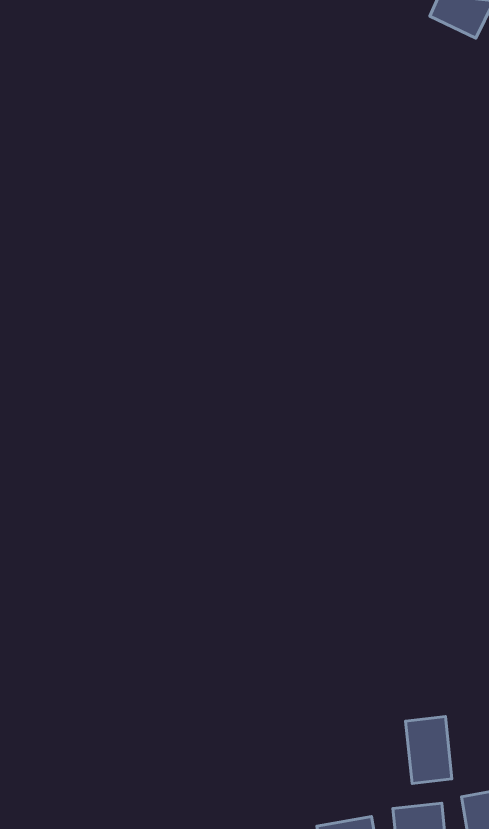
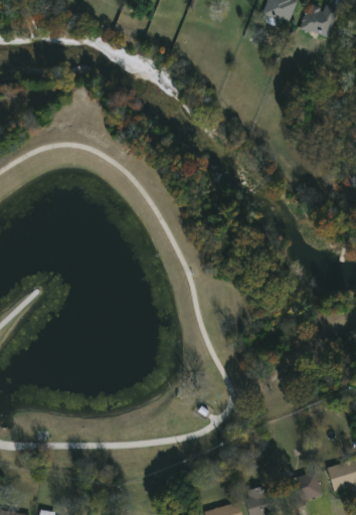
building: [405,716,452,783] -> none

